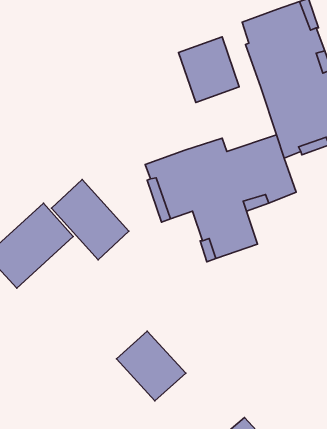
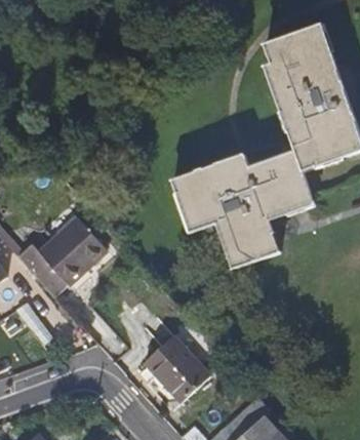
building: [178,37,239,103] -> none
building: [52,179,129,260] -> none

